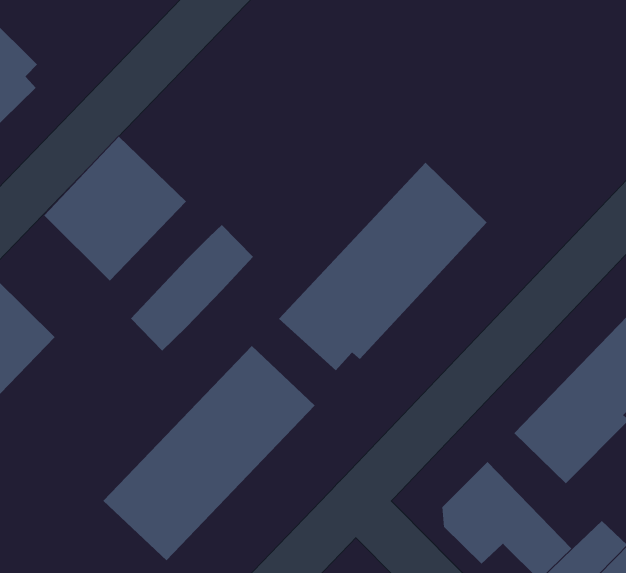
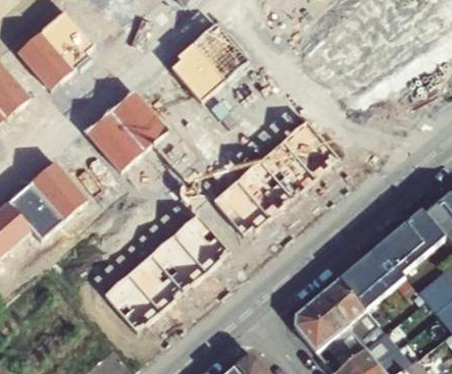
building: none -> [171,23,246,100]
building: [130,224,254,352] -> none
building: none -> [322,278,384,346]

